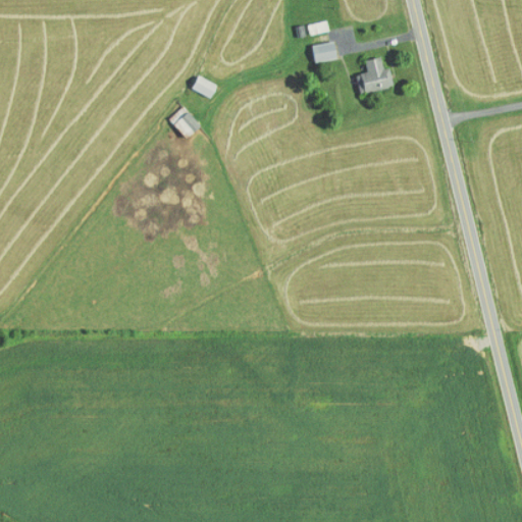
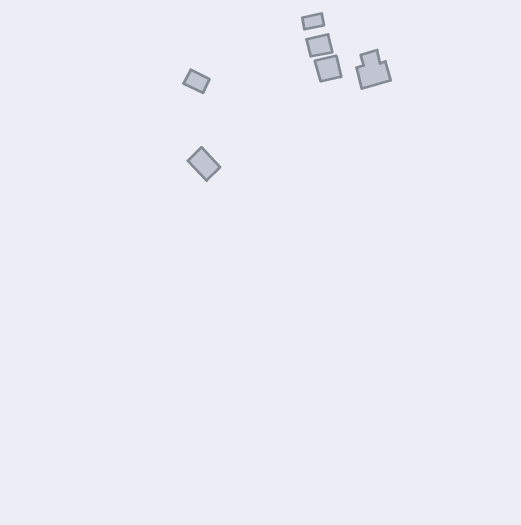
building: none -> [315,56,341,81]
building: [168,106,200,139] -> [188,147,220,181]

